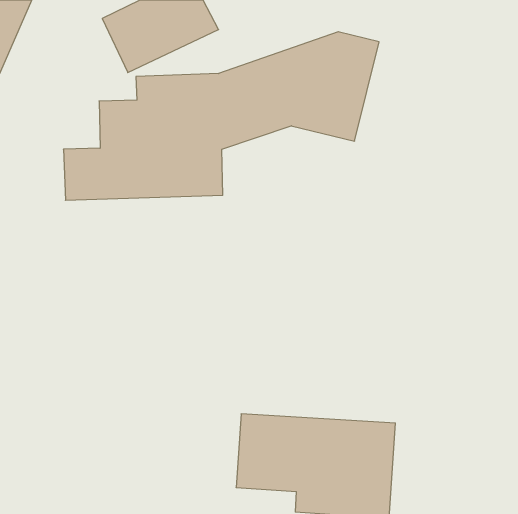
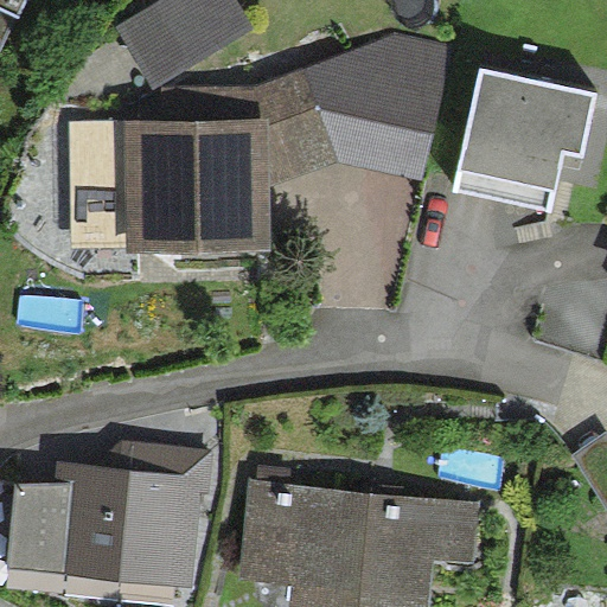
building: none -> [454,70,584,205]
building: none -> [7,449,204,584]

